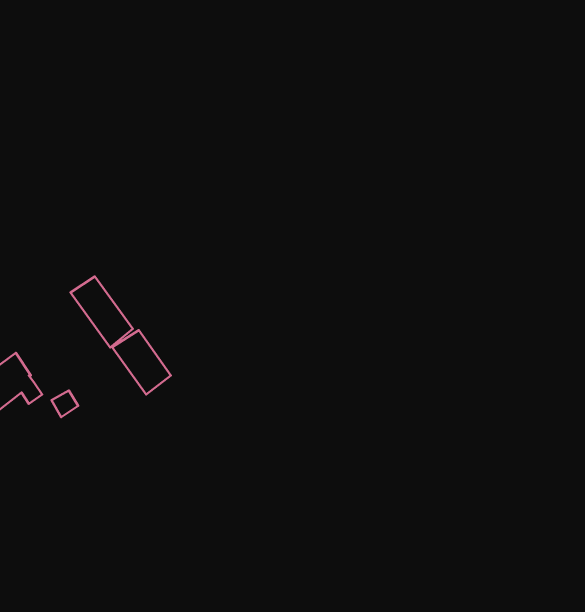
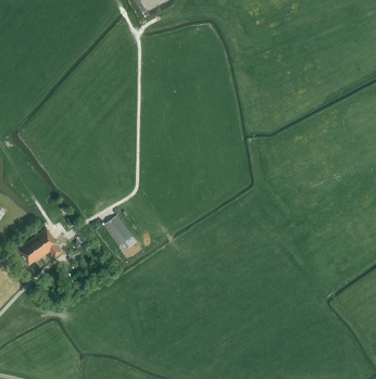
building: [71,277,133,347] -> none

